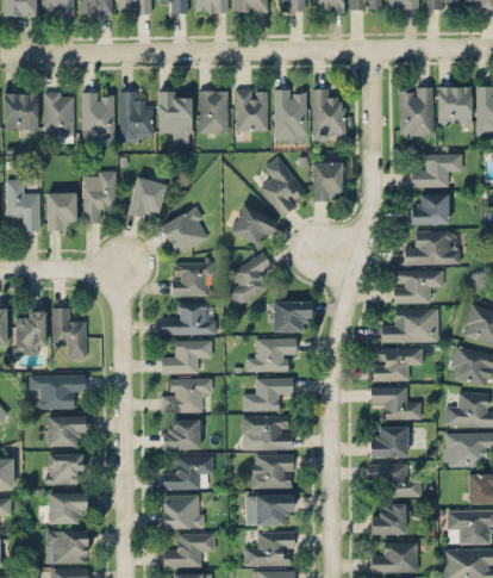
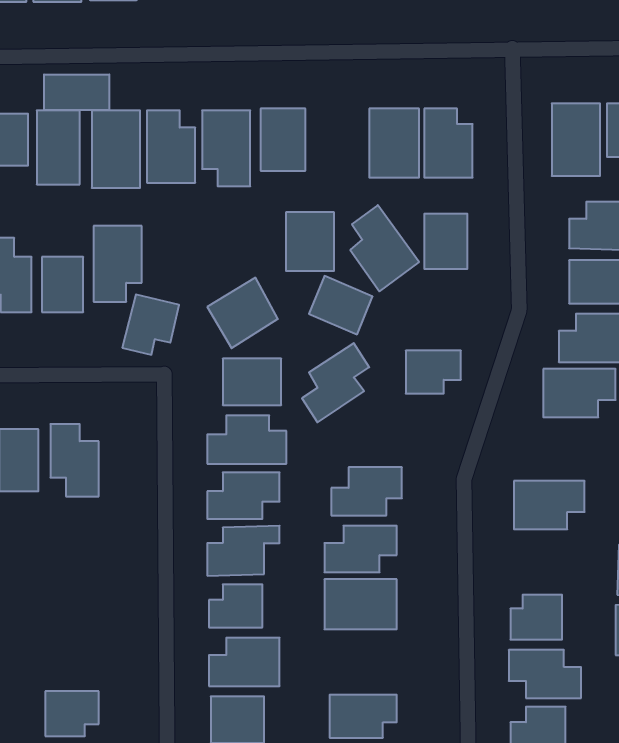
building: none -> [44,74,109,110]
building: [236,91,269,131] -> [286,212,334,271]
building: [127,178,167,219] -> [122,294,179,355]
building: [273,303,311,332] -> [406,351,461,394]
building: [381,310,432,343] -> none
building: [31,377,85,409] -> none
building: [372,387,420,419] -> none
building: [48,416,85,447] -> none
building: [46,455,85,484] -> none
building: [254,455,293,490] -> none

